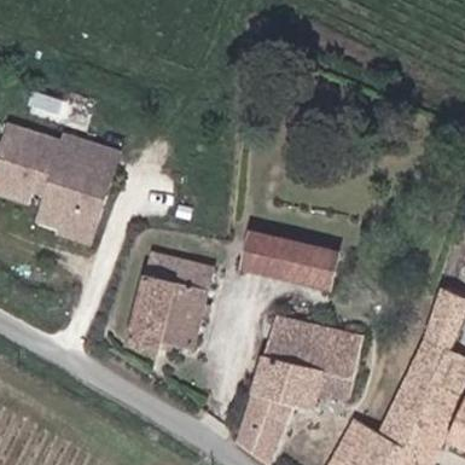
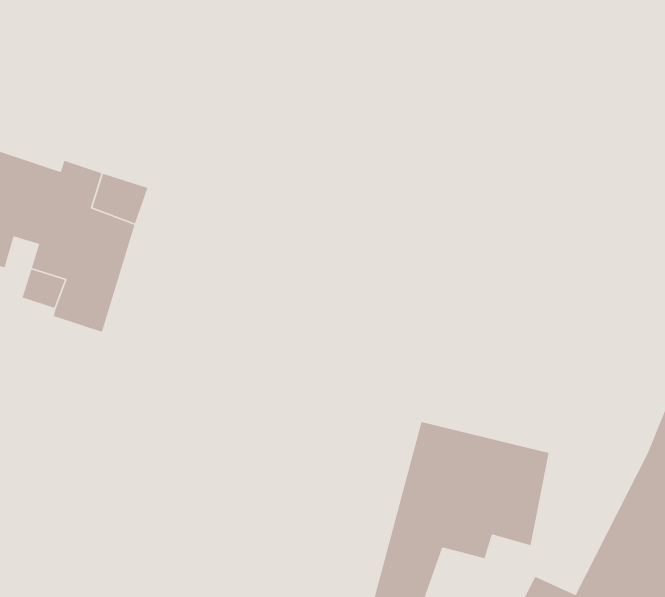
building: [252,232,344,286] -> none
building: [132,249,216,345] -> none

